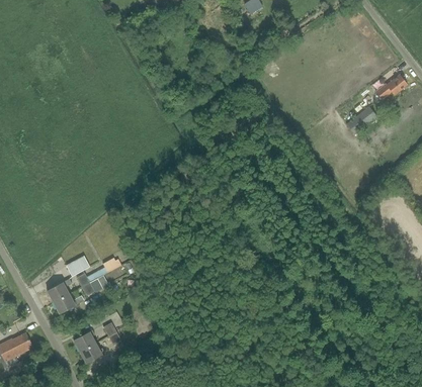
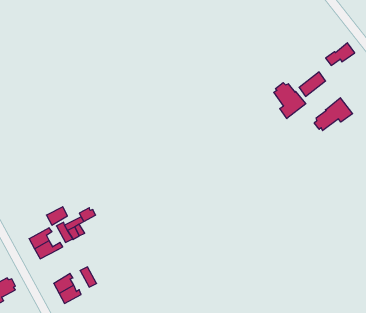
building: none -> [274,83,306,119]
building: none -> [314,98,353,131]

